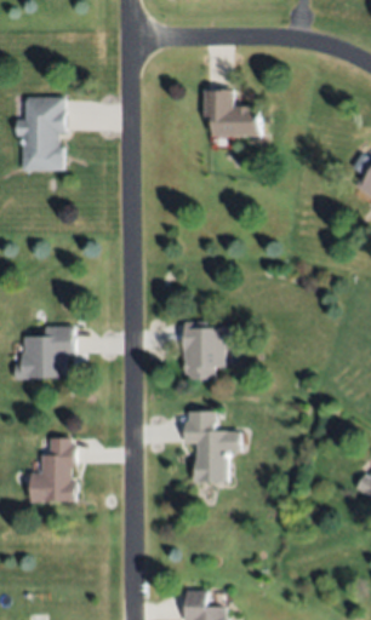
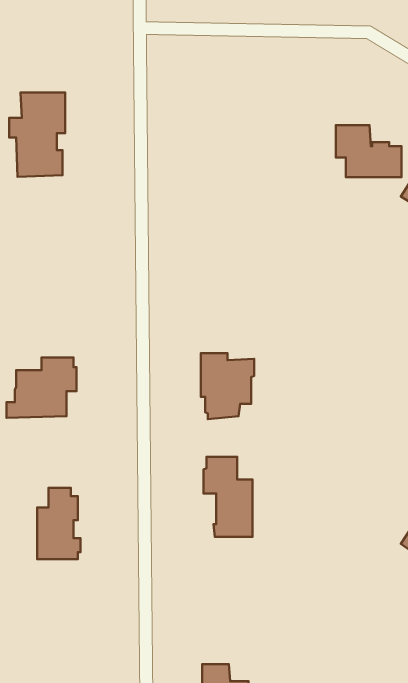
building: [204,91,261,136] -> [336,125,402,177]

